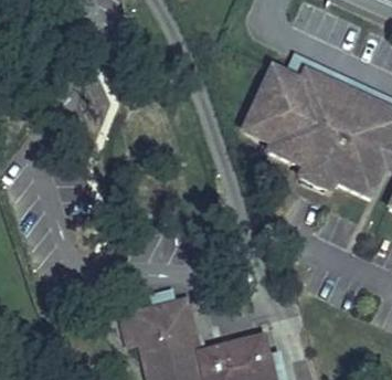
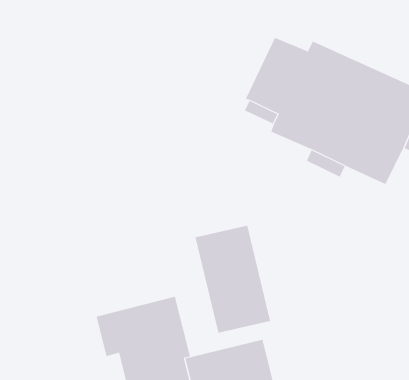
building: none -> [195,225,271,333]

